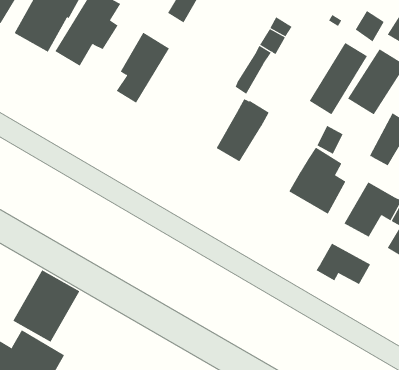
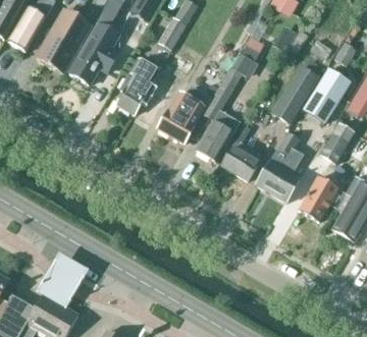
building: none -> [157,86,211,143]
building: none -> [221,123,263,179]
building: [316,243,371,285] -> none

